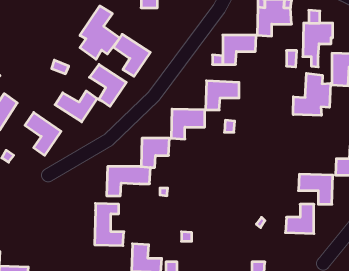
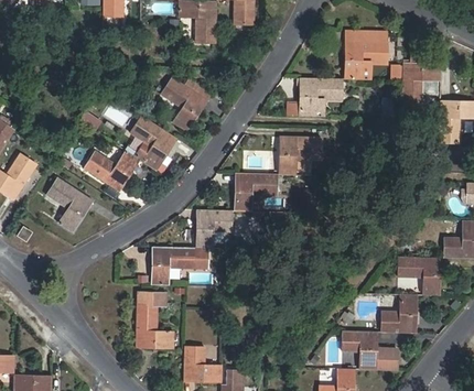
building: [80,6,120,59] -> none
building: [293,73,331,115] -> none
building: none -> [341,332,398,369]

